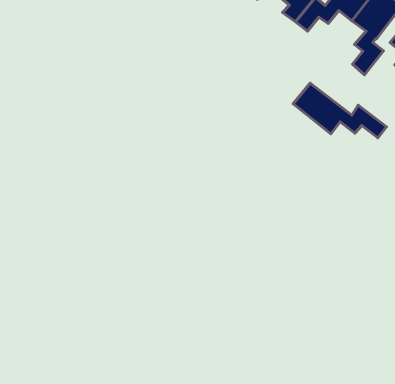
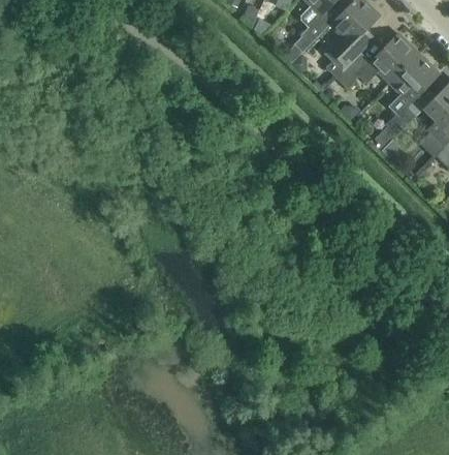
building: [293,83,386,138] -> none

